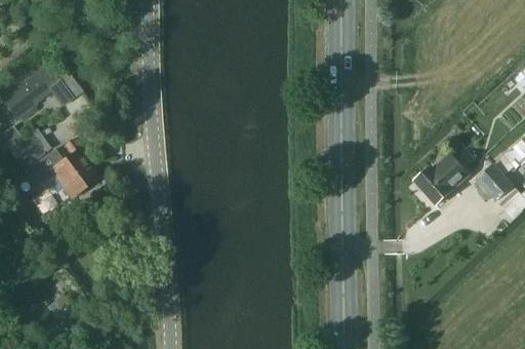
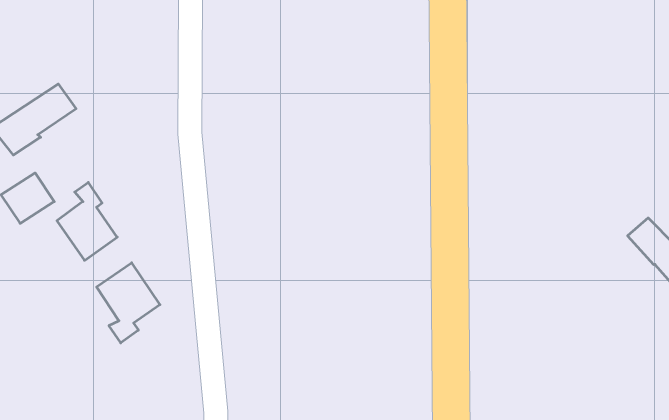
building: [414,152,469,204] -> none
building: none -> [97,263,160,343]

